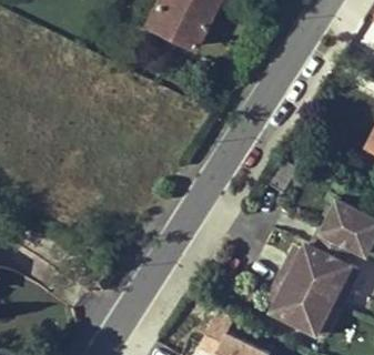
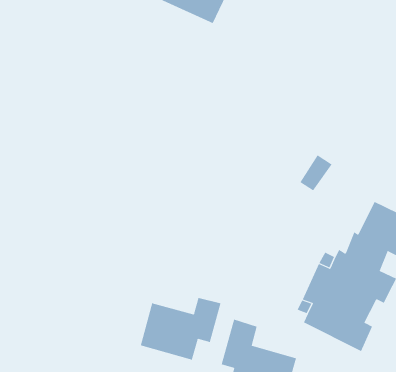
building: none -> [140,297,221,360]

